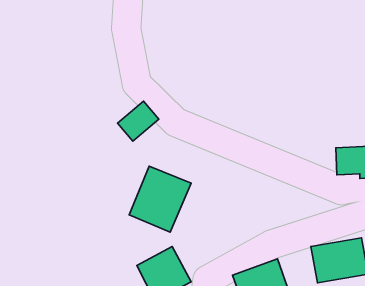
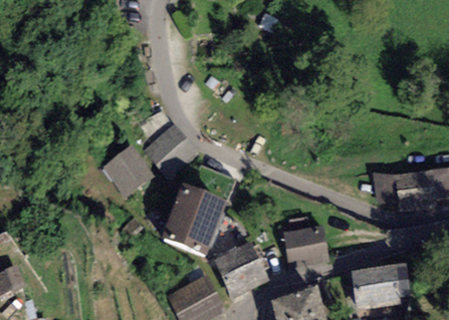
building: none -> [100,143,154,197]
building: none -> [281,225,325,264]
building: none -> [214,239,267,295]

